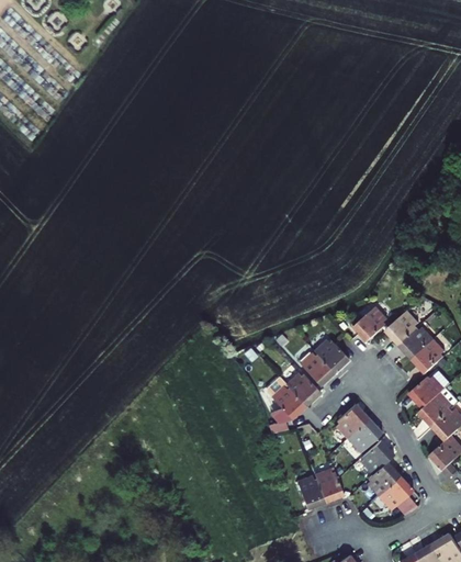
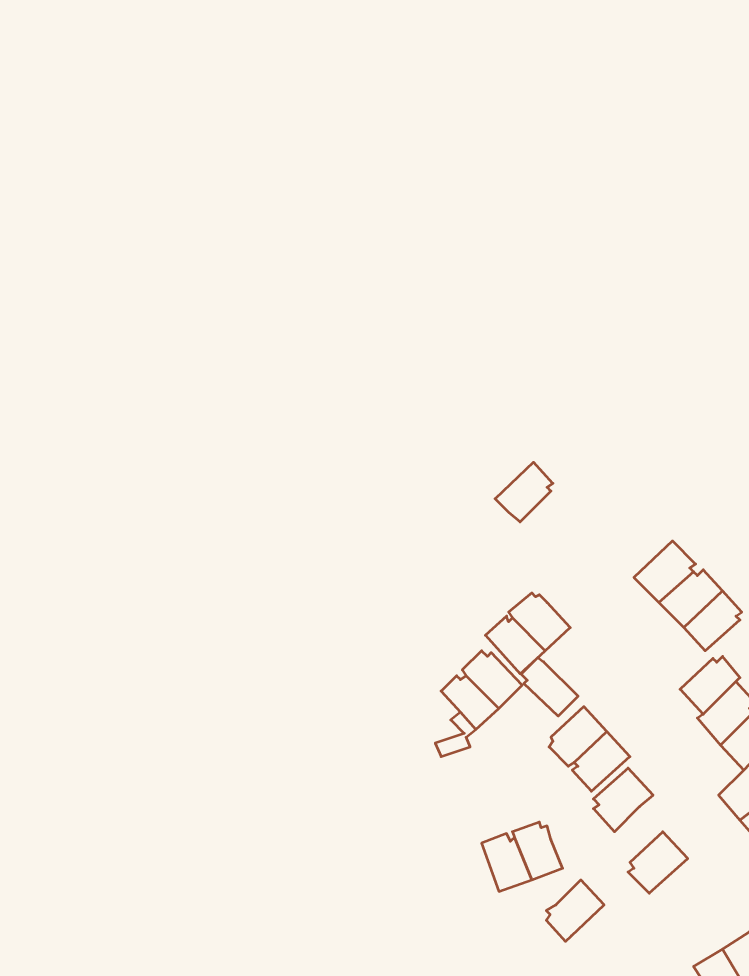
building: [351,307,384,341] -> [495,462,553,522]
building: none -> [521,658,578,716]
building: [367,461,400,496] -> [546,880,604,941]

